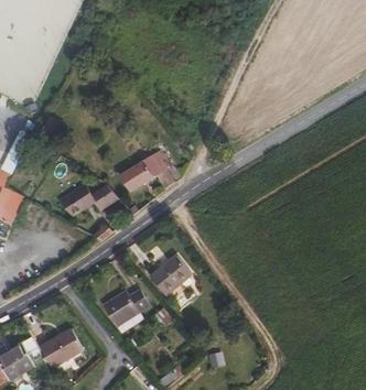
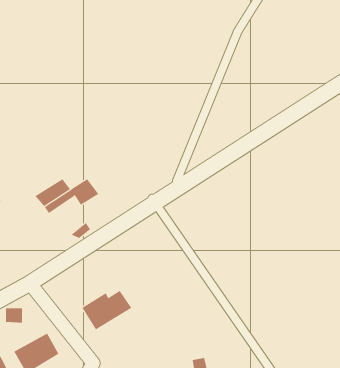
building: [121,152,173,192] -> none
building: [150,256,192,294] -> none

